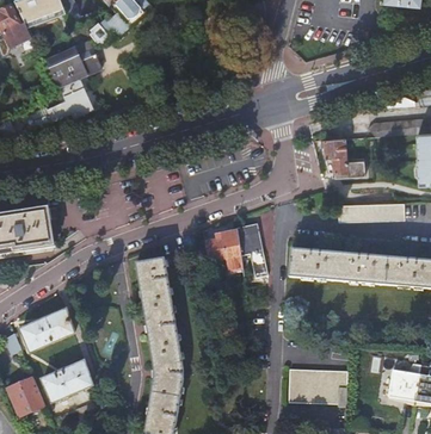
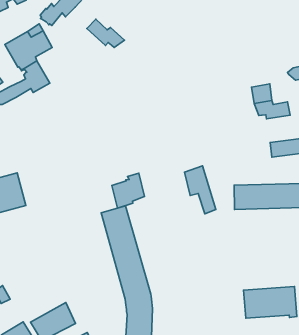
building: none -> [87,19,124,47]
building: [203,227,239,264] -> [112,173,145,208]
building: [20,310,74,352] -> none

